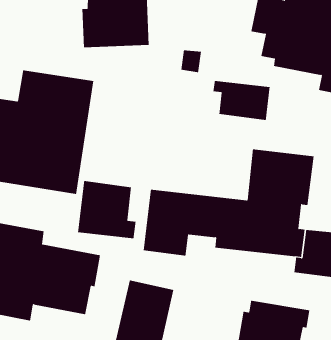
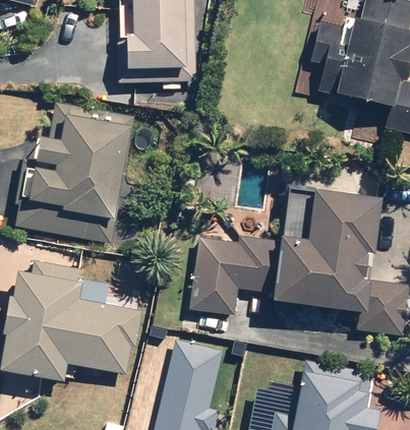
building: [213,80,270,121] -> none
building: [78,180,136,239] -> none

